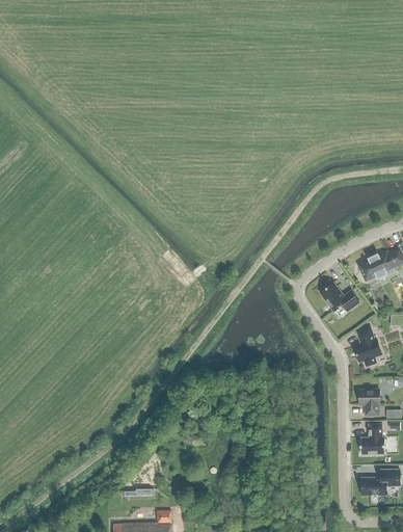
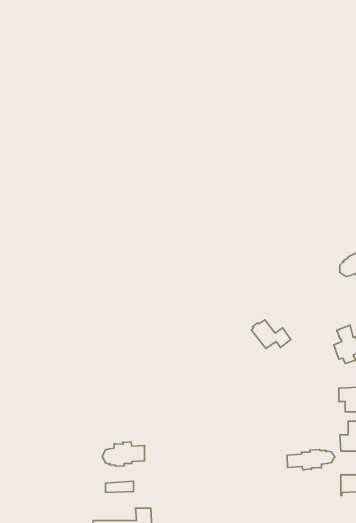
building: [320,283,359,312] -> [251,320,291,349]
building: none -> [102,442,145,466]
building: none -> [287,450,335,470]

